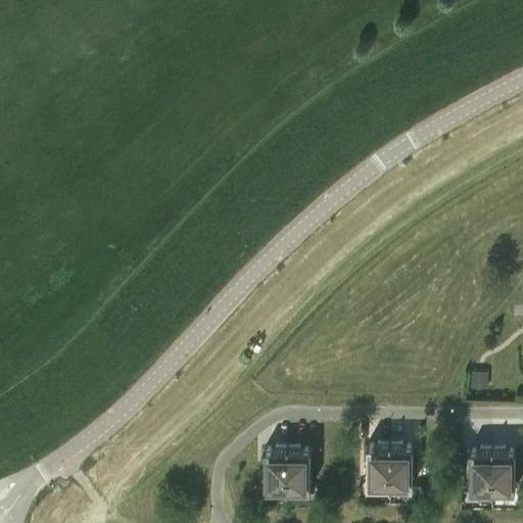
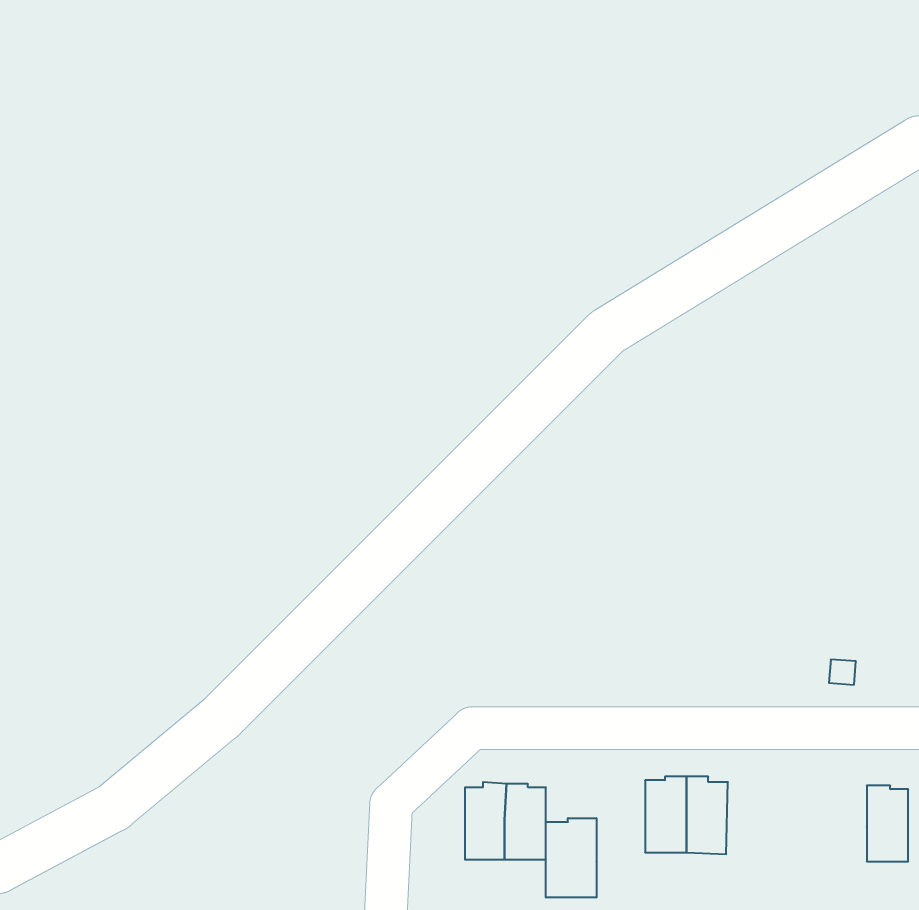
building: [468,451,491,494] -> none
building: none -> [546,818,596,898]

